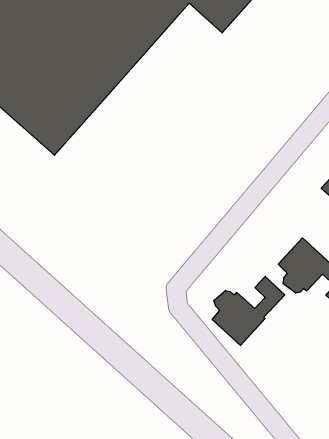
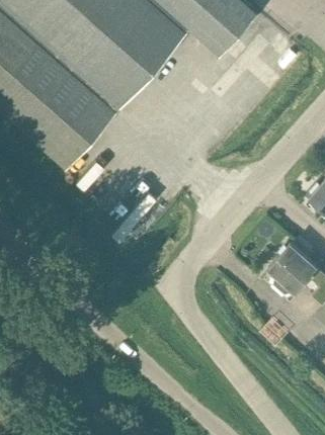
building: [212,276,285,345] -> none

